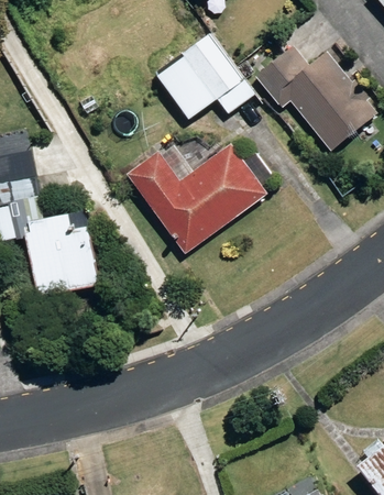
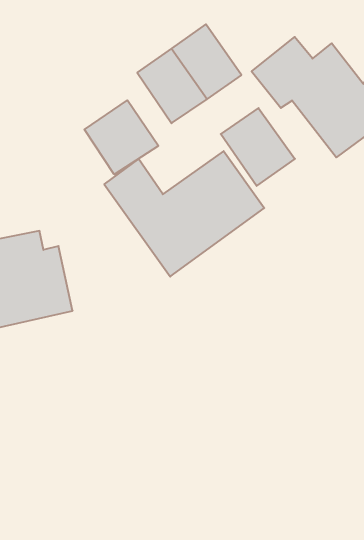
building: none -> [84,100,158,174]
building: none -> [221,108,295,186]

